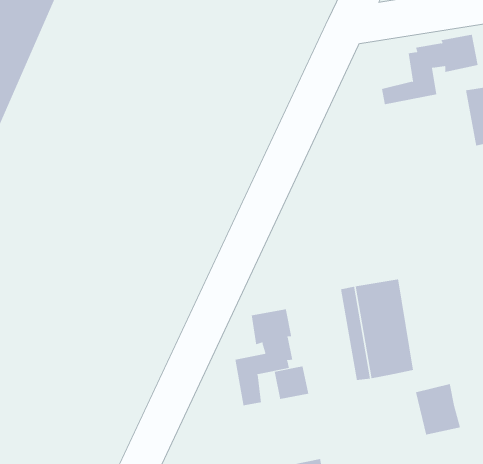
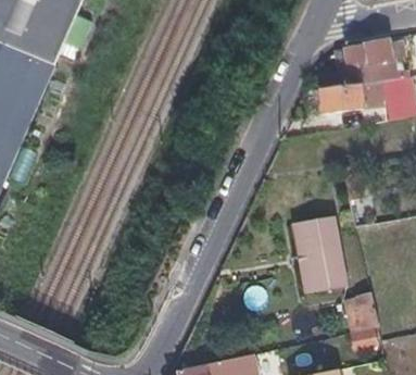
building: none -> [318,79,382,112]
building: [235,309,293,406] -> none

